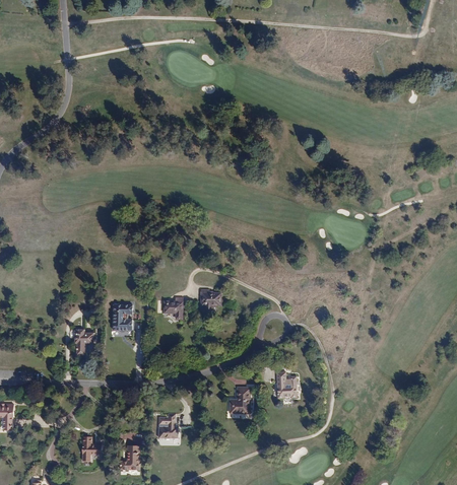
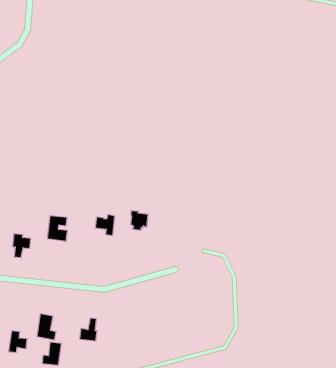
building: [276,372,297,399] -> none
building: [230,387,251,414] -> none
building: none -> [37,314,56,340]

